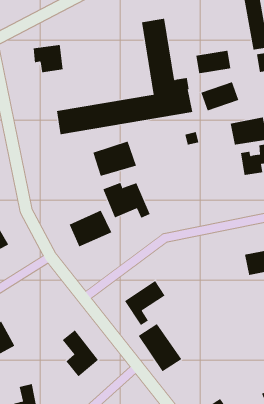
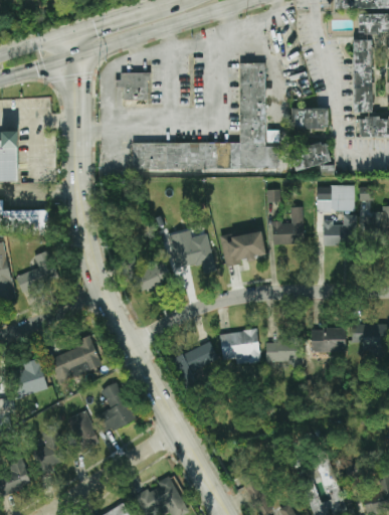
building: [92,141,137,177] -> [221,231,266,265]
building: none -> [272,207,304,245]
building: none -> [220,331,260,364]
building: none -> [266,340,301,363]
building: none -> [49,336,102,383]
building: [138,323,182,372] -> none
building: none -> [66,410,101,452]

